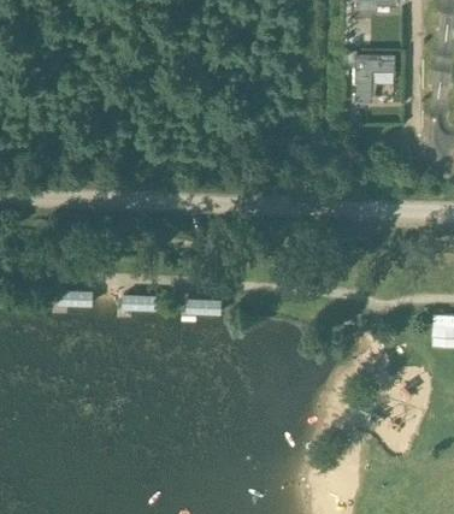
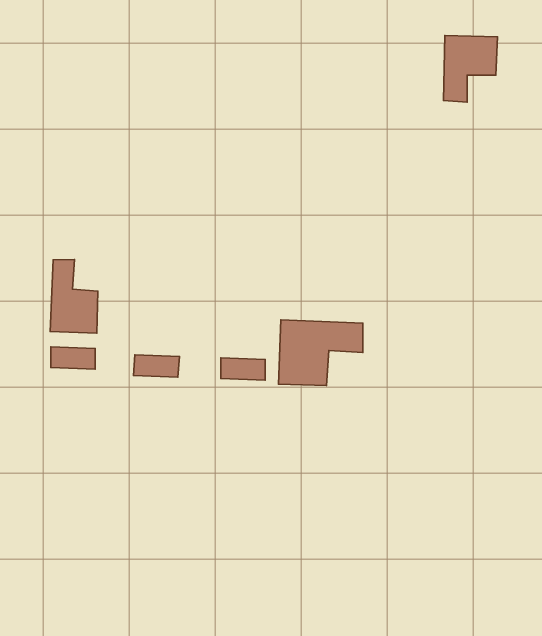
building: none -> [50,260,98,333]
building: none -> [278,320,363,385]

